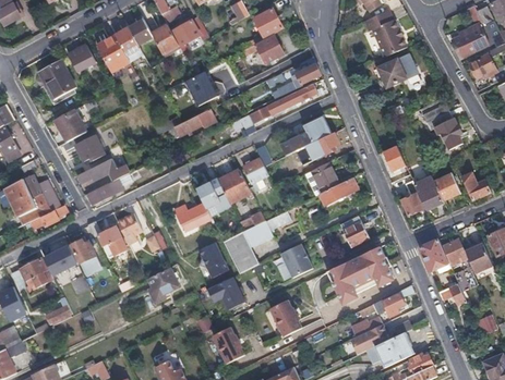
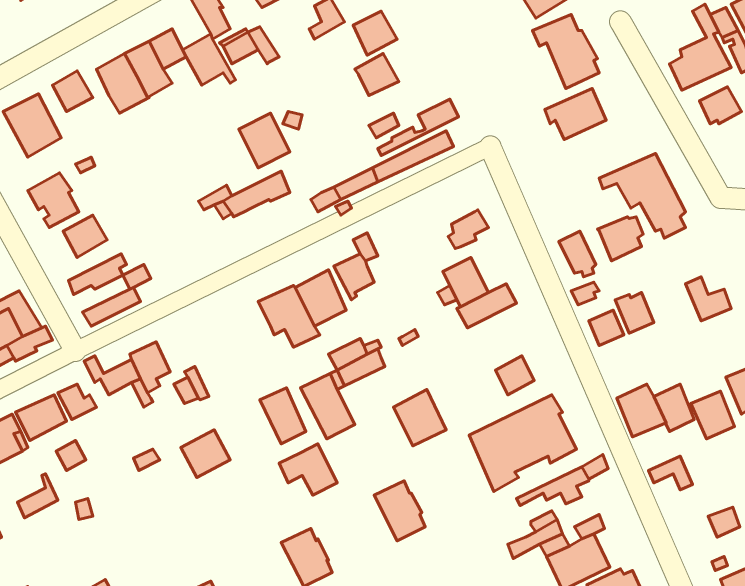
building: [282,117,330,155] -> none
building: [433,174,461,201] -> [597,217,643,261]
building: [173,204,212,233] -> none

